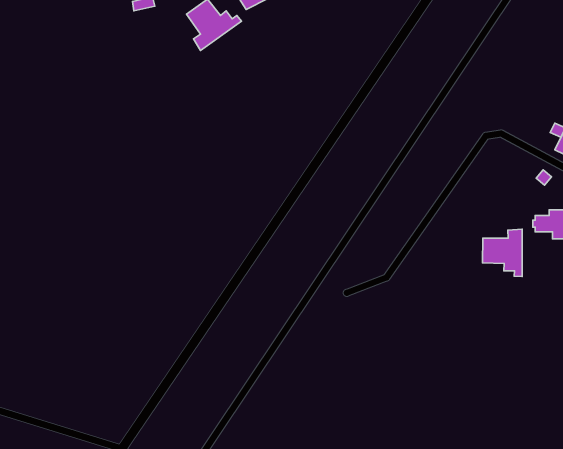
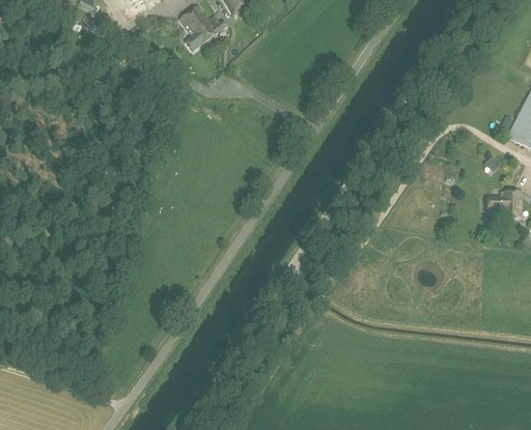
building: [483,229,522,277] -> none

